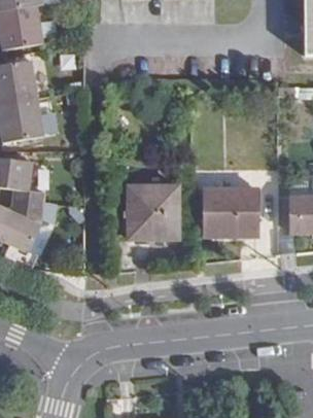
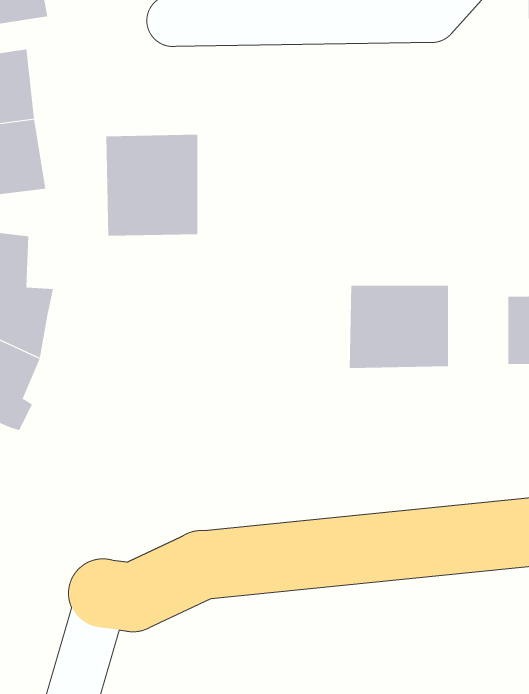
building: [131,183,181,239] -> [106,134,198,236]

